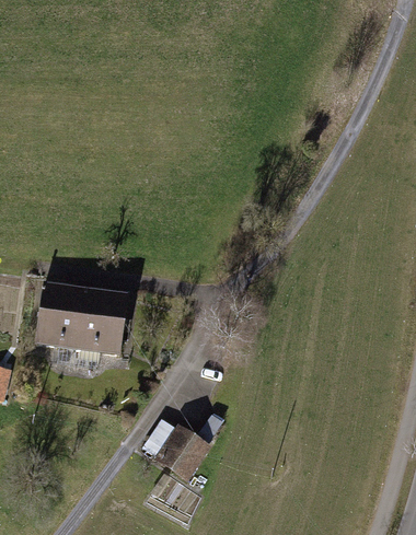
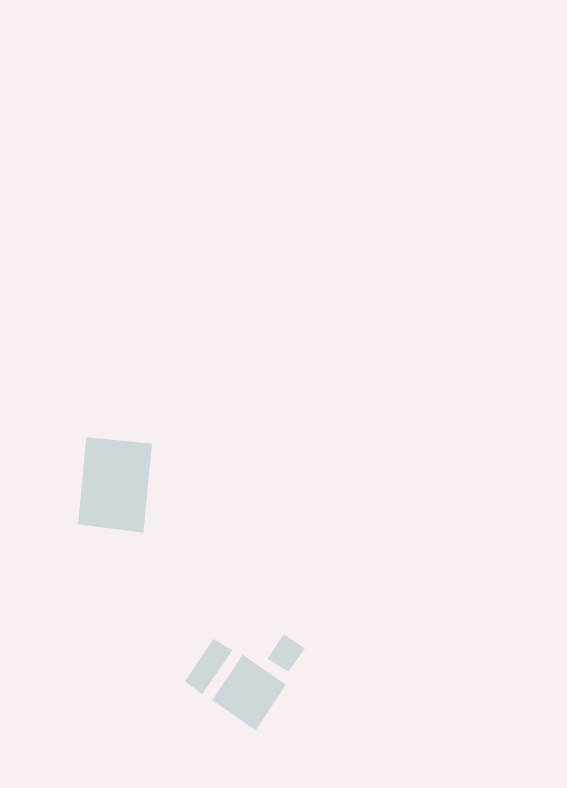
building: [37,287,82,347] -> none

